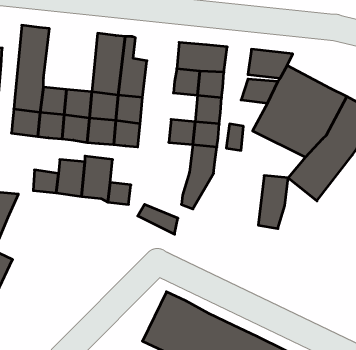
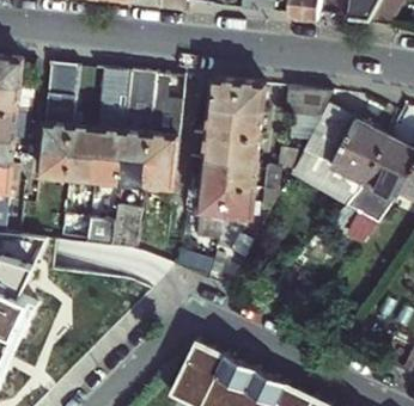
building: none -> [96,67,128,130]
building: none -> [190,130,232,161]
building: [258,176,288,229] -> [196,183,227,238]

